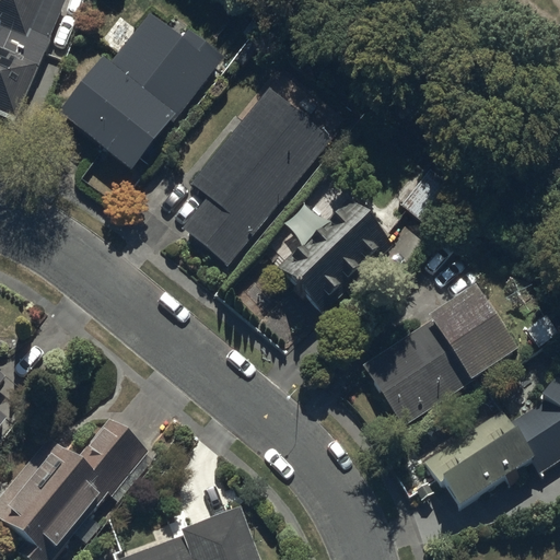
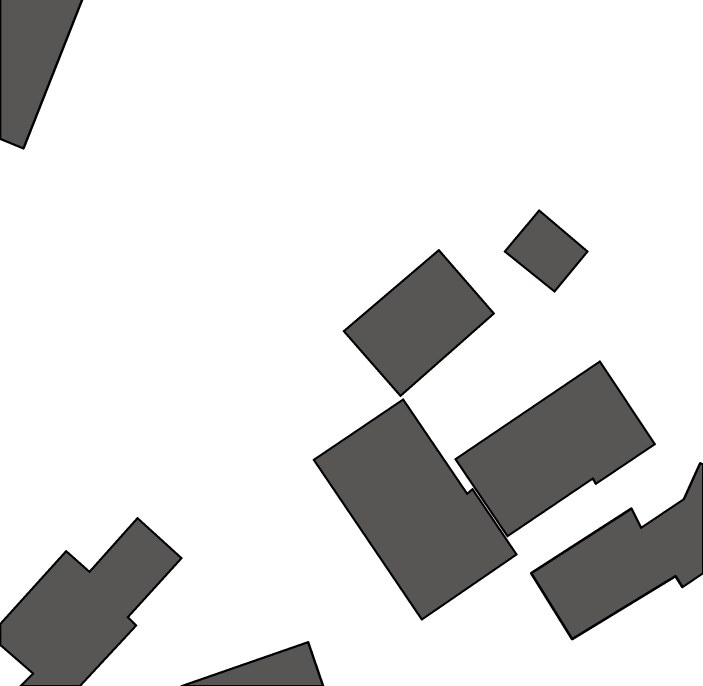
building: [59,12,226,171] -> none
building: [183,88,329,262] -> none
building: none -> [314,400,517,619]

